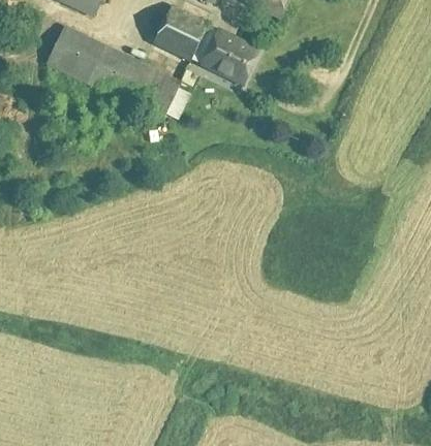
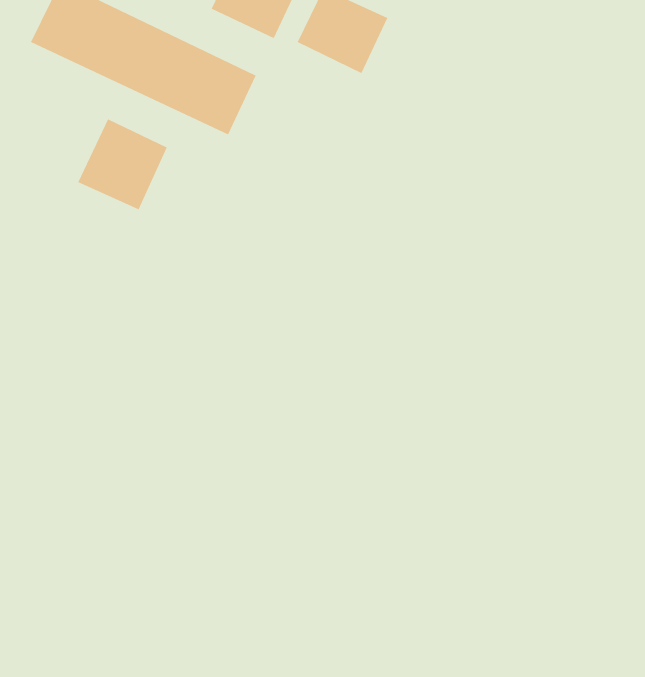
building: none -> [78,119,167,210]

